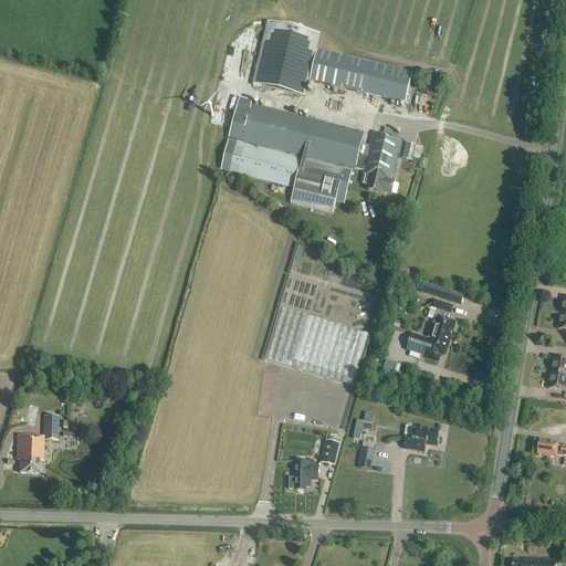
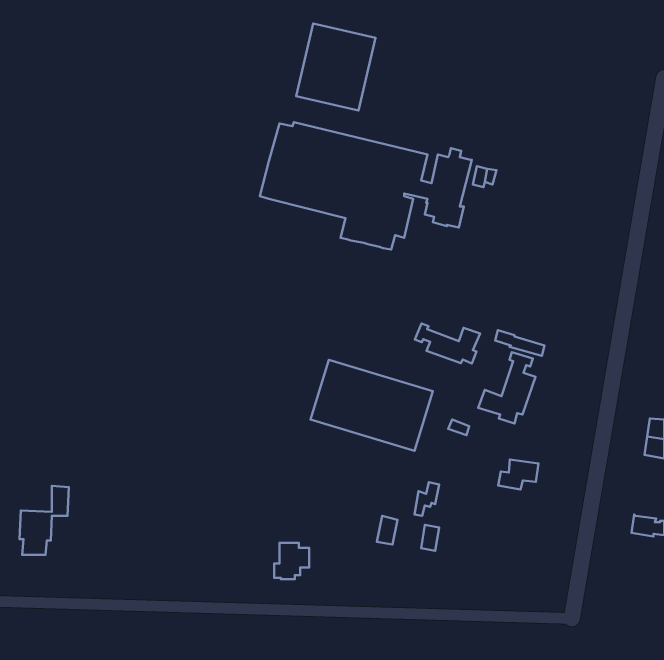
building: [310,48,412,102] -> none
building: none -> [415,324,480,364]
building: [405,426,439,451] -> [498,460,539,490]
building: [289,459,318,490] -> [274,543,309,579]

